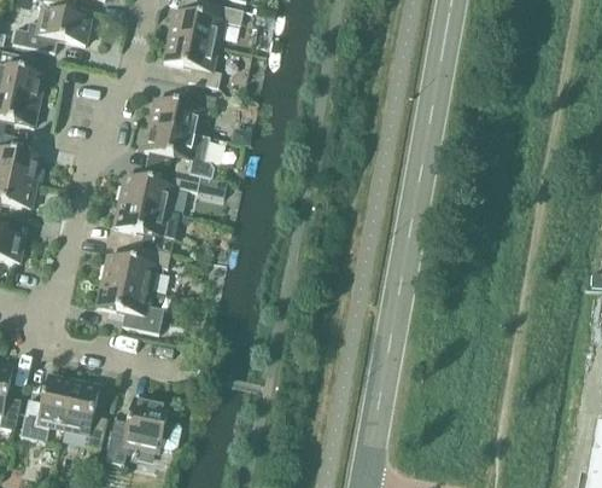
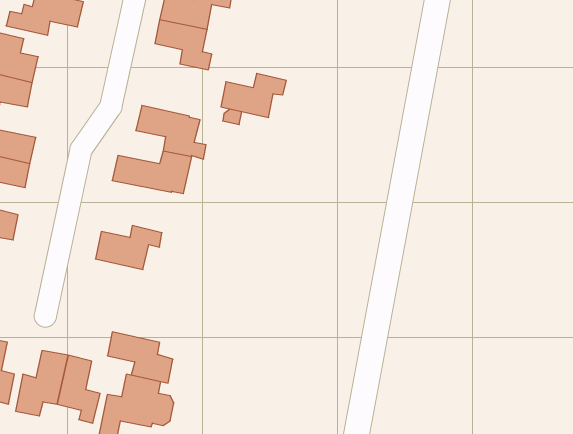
building: [150,89,216,134] -> [221,73,286,117]
building: [115,199,180,252] -> none
building: [98,279,164,331] -> [107,332,173,383]

